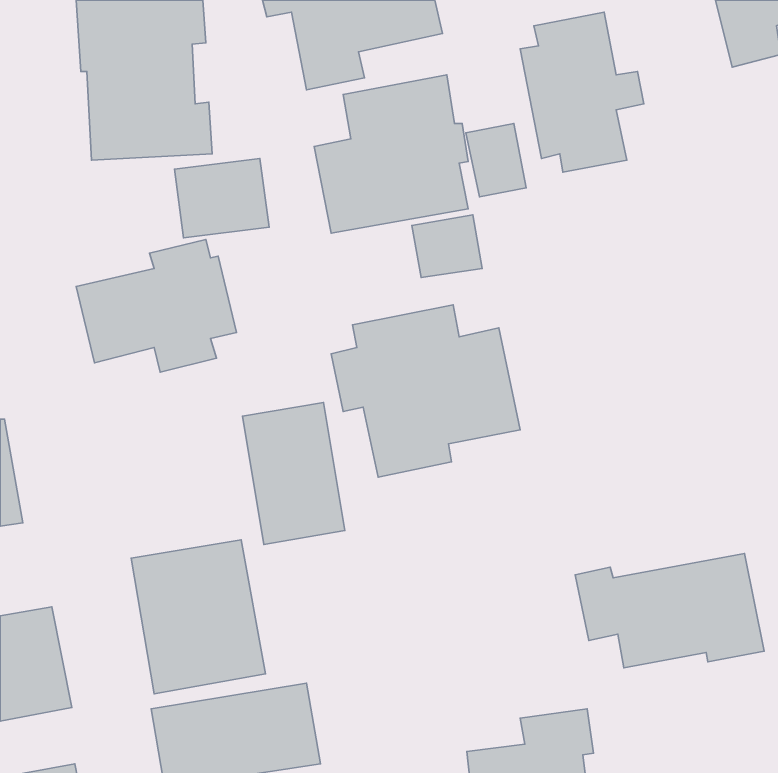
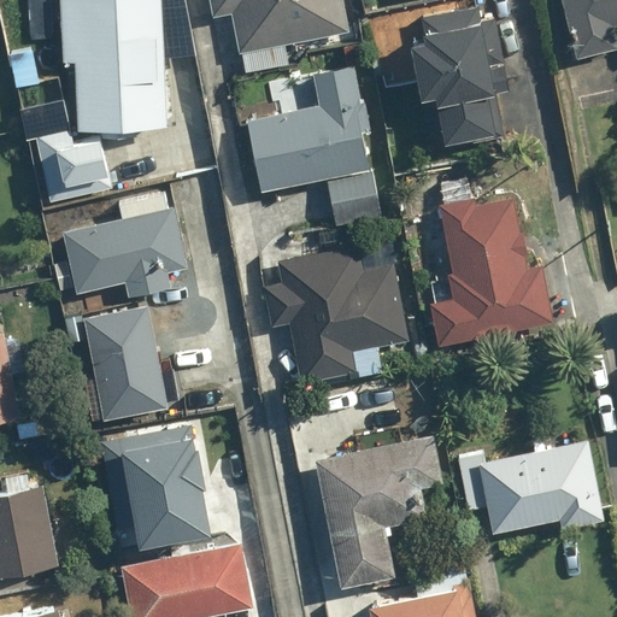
building: [466,124,526,197] -> none
building: [174,159,269,238] -> [36,139,111,201]
building: none -> [431,200,550,342]
building: [242,403,345,544] -> [86,313,166,425]
building: none -> [316,429,442,586]

